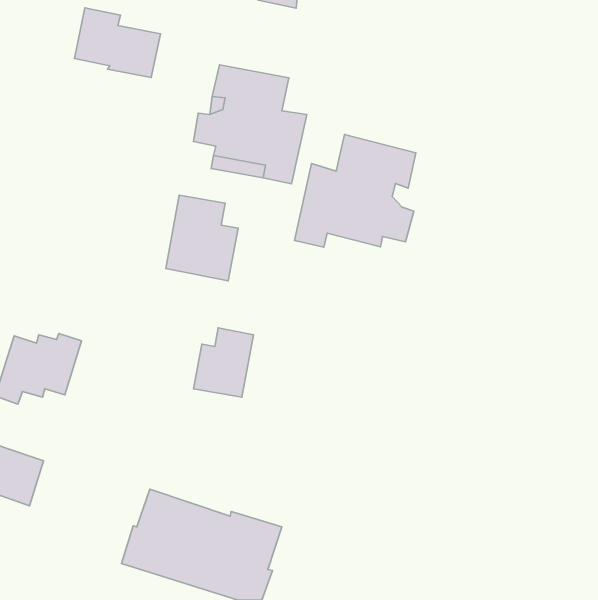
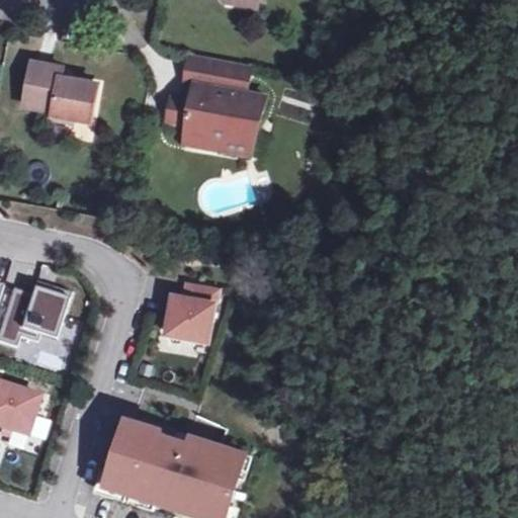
building: [74,8,160,78] -> [20,62,94,121]
building: [294,135,416,247] -> none
building: [166,195,238,281] -> none

